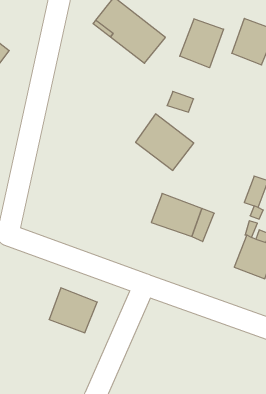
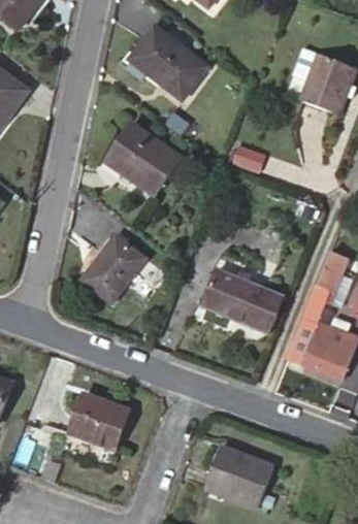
building: [180,19,224,68] -> none
building: [136,114,194,170] -> [106,126,178,196]
building: none -> [82,237,143,304]
building: none -> [198,445,268,503]

